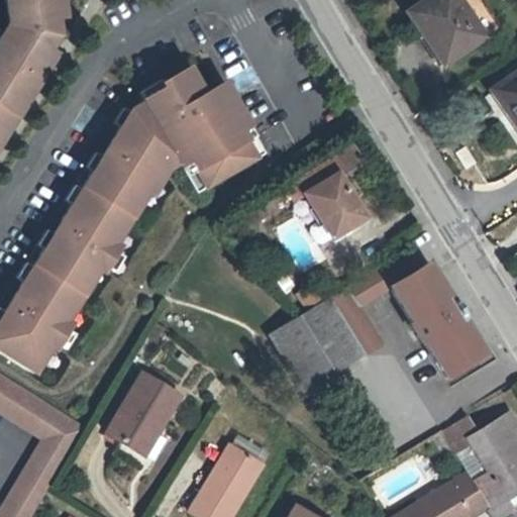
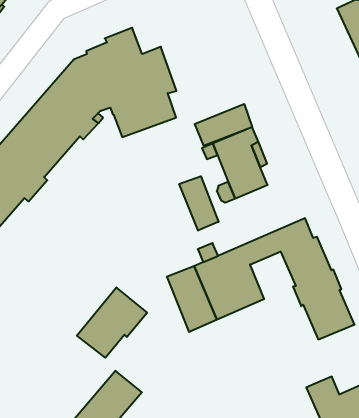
building: none -> [195,104,252,146]
building: none -> [179,176,219,231]
building: [106,374,179,452] -> [77,287,147,358]

